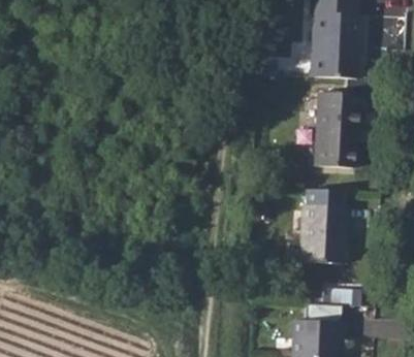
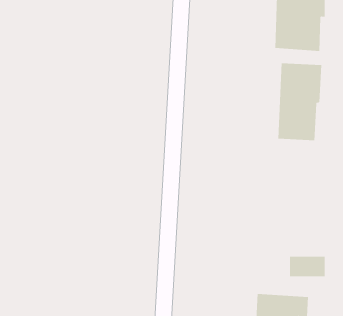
building: [299,202,347,262] -> none

